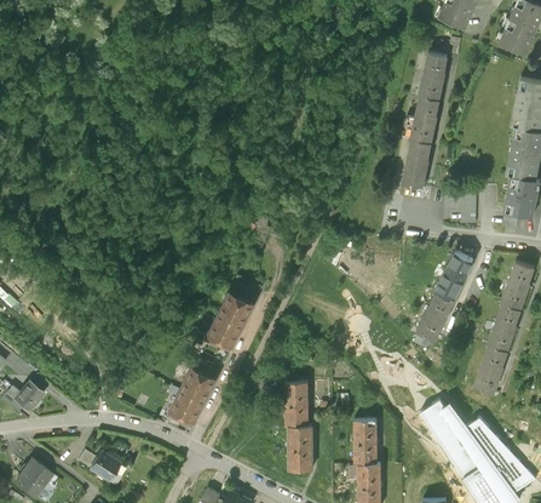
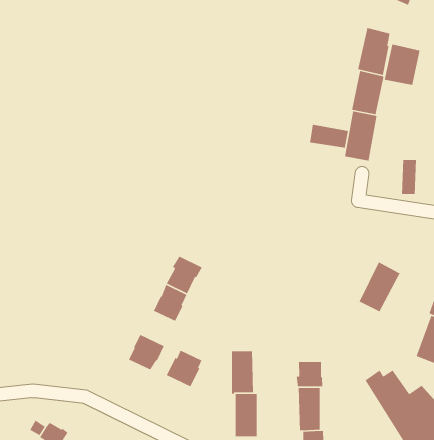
building: none -> [384,43,421,86]
building: none -> [308,124,349,149]
building: [434,251,476,301] -> none
building: [166,390,203,429] -> [166,350,203,388]
building: none -> [296,361,323,387]

